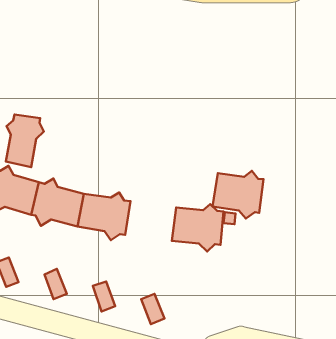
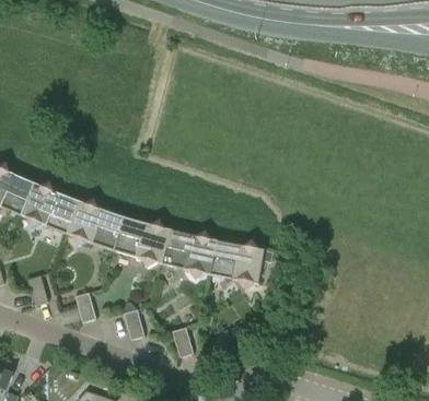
building: [6,115,44,167] -> none
building: [213,171,263,218] -> [162,229,217,279]

